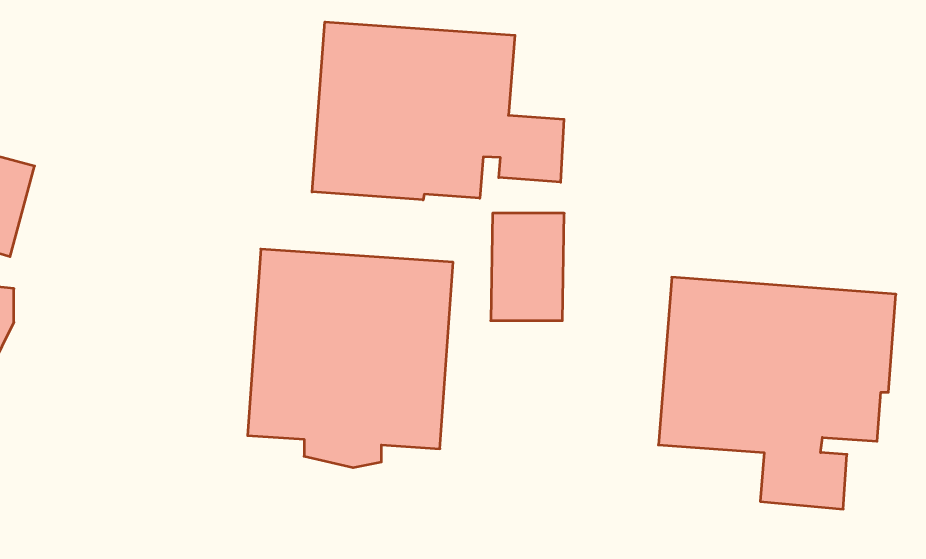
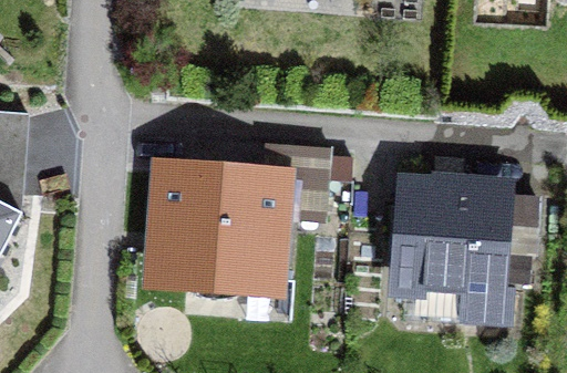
building: [312,22,564,200] -> none

